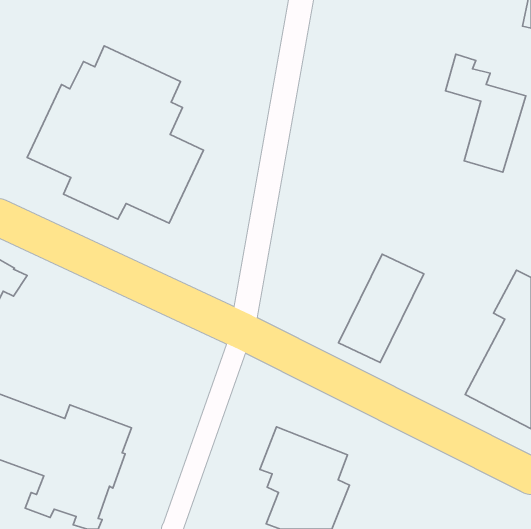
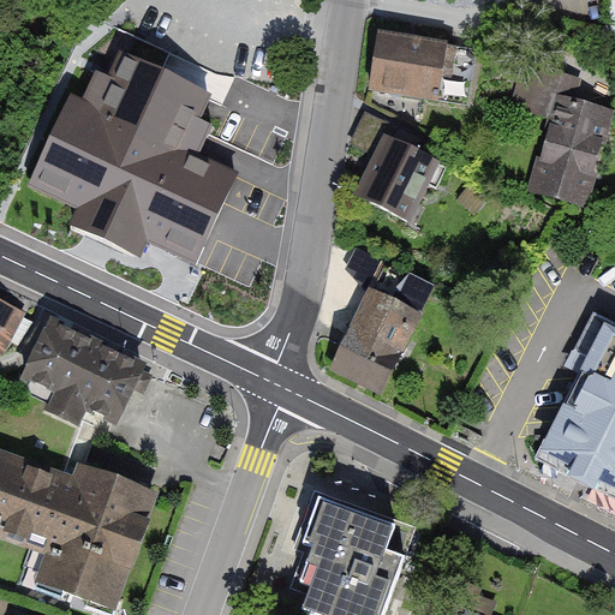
building: none -> [370,35,472,98]
building: none -> [352,135,441,225]
building: [338,254,424,363] -> [332,263,430,388]
building: none -> [25,322,149,422]

